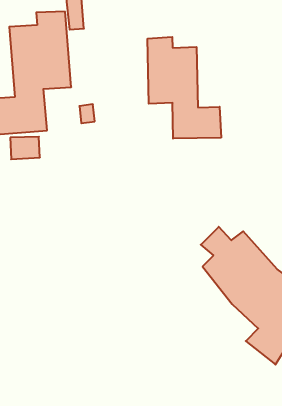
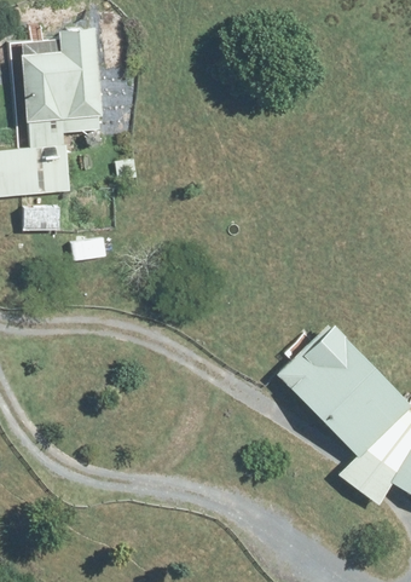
building: [148,37,221,139] -> none

